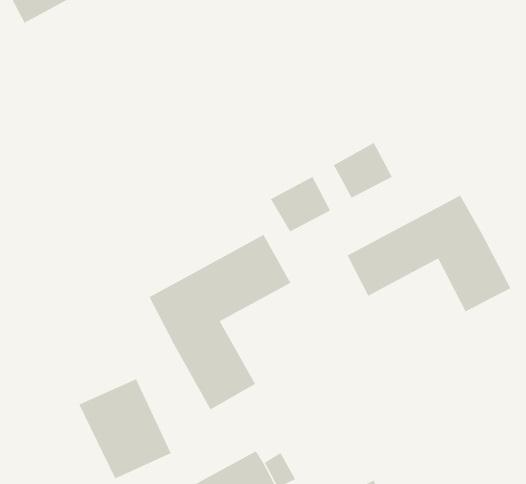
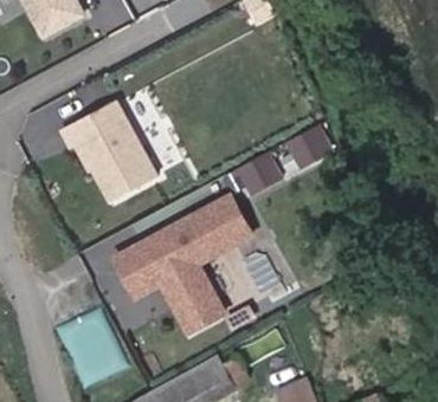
building: none -> [56,99,150,201]
building: [346,195,512,312] -> none
building: none -> [107,244,153,294]

